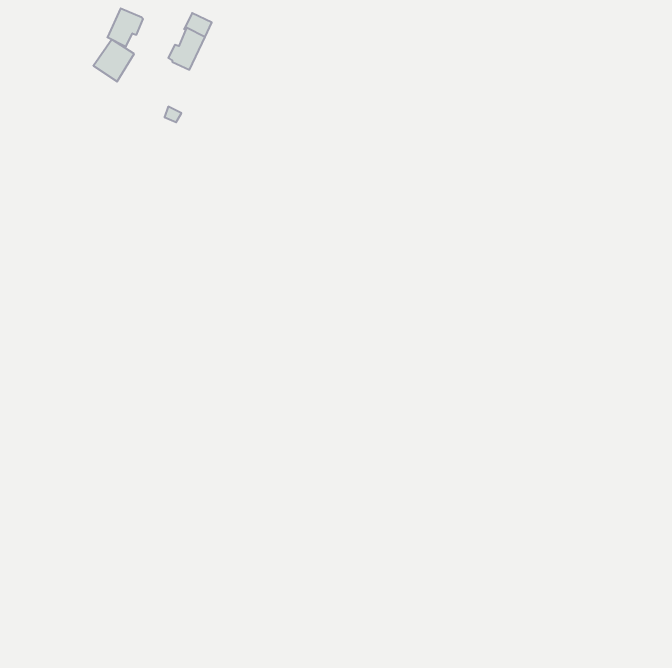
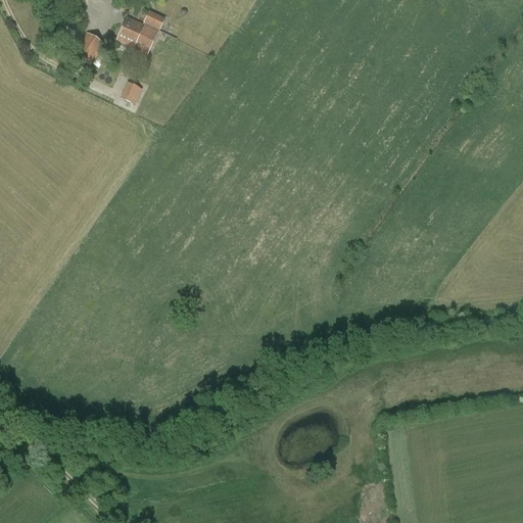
building: [107,8,143,47] -> [116,15,144,45]

